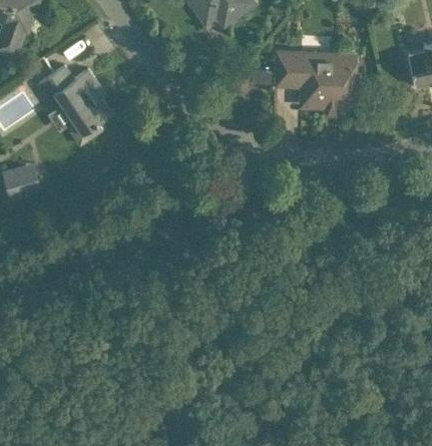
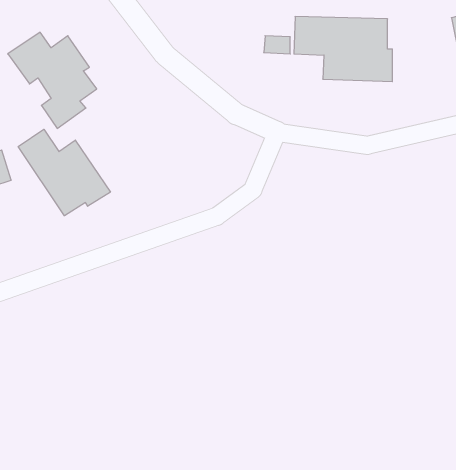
building: none -> [18,129,110,216]

